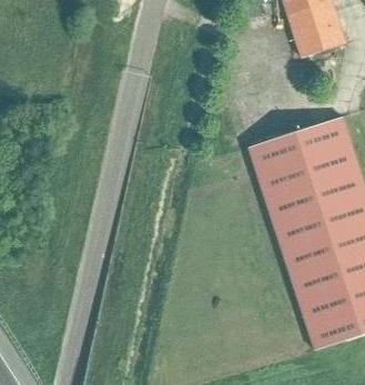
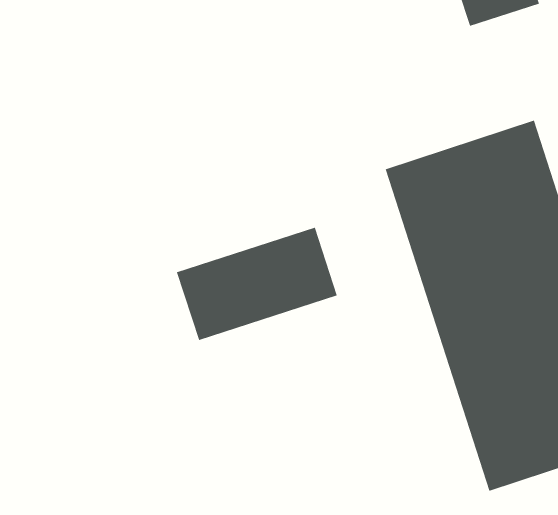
building: none -> [176,227,338,341]

